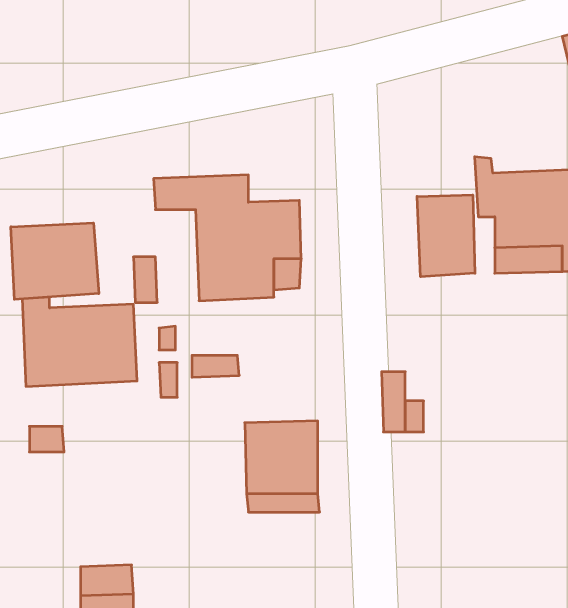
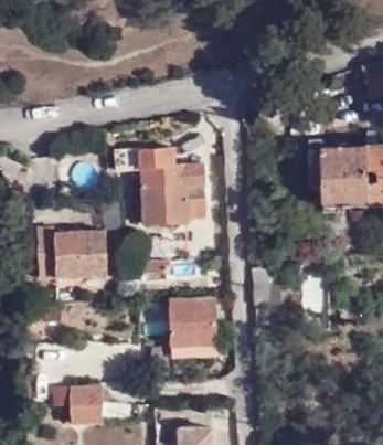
building: [417,195,475,277] -> none
building: [11,223,99,299] -> none

